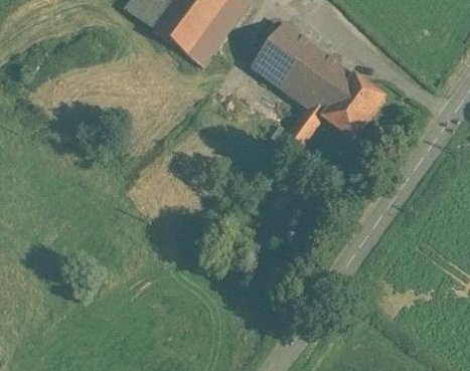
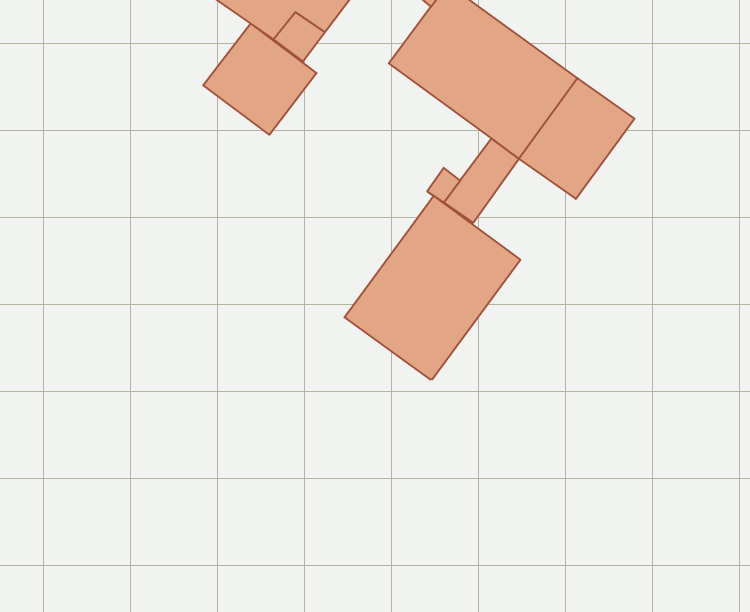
building: none -> [203,23,317,135]
building: none -> [344,196,520,380]

